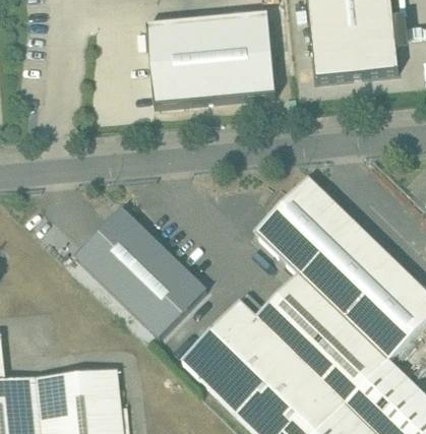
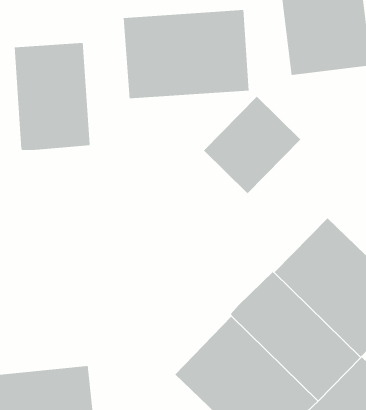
building: none -> [14,42,90,151]
building: [255,177,354,275] -> [203,96,301,194]
building: [74,208,206,338] -> none
building: [182,293,264,378] -> none

